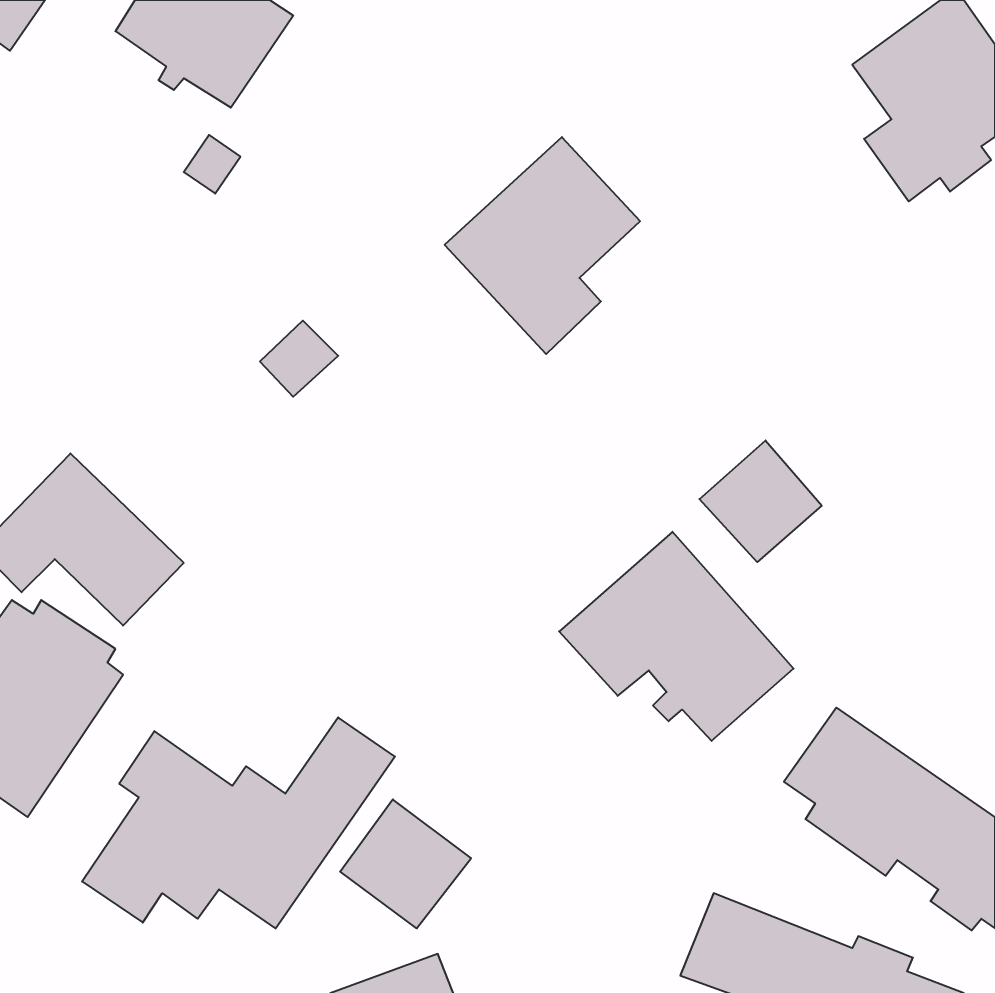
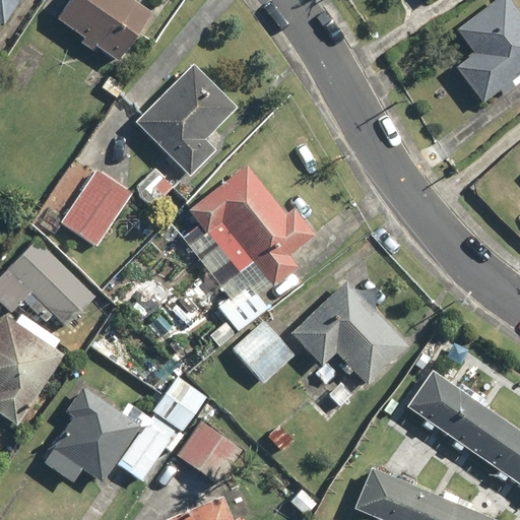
building: [445,137,640,354] -> [136,63,238,176]
building: none -> [171,164,315,347]
building: none -> [61,170,131,247]
building: [699,440,822,562] -> none
building: none -> [230,320,297,387]

